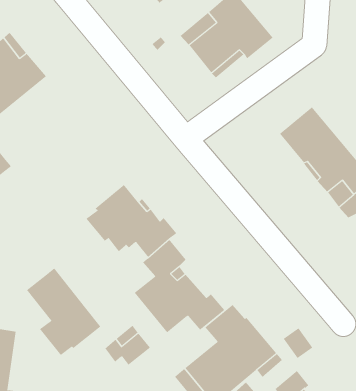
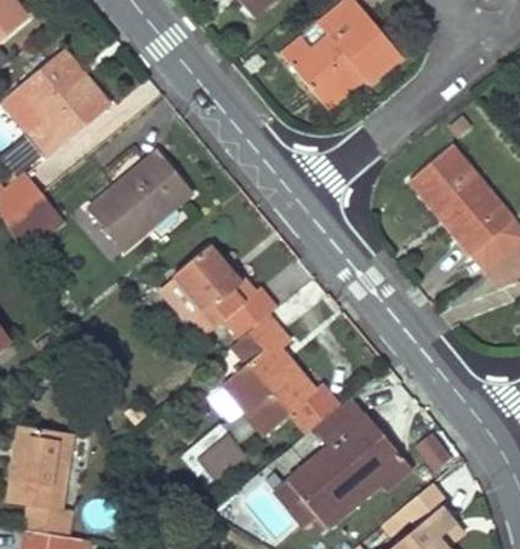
building: none -> [87,149,193,250]
building: [26,267,101,356] -> none

